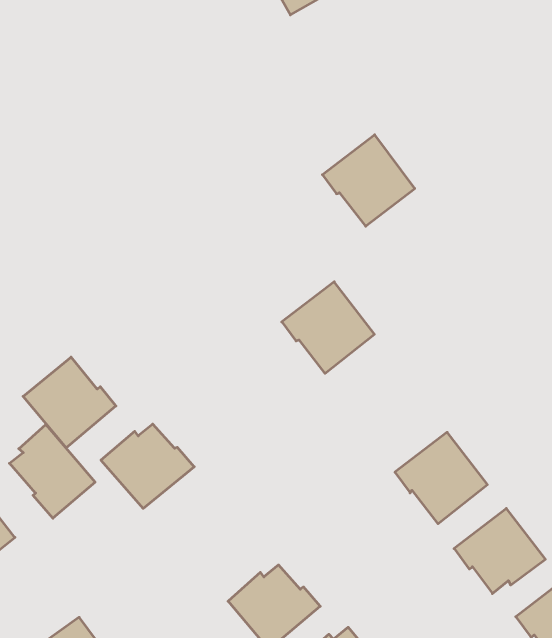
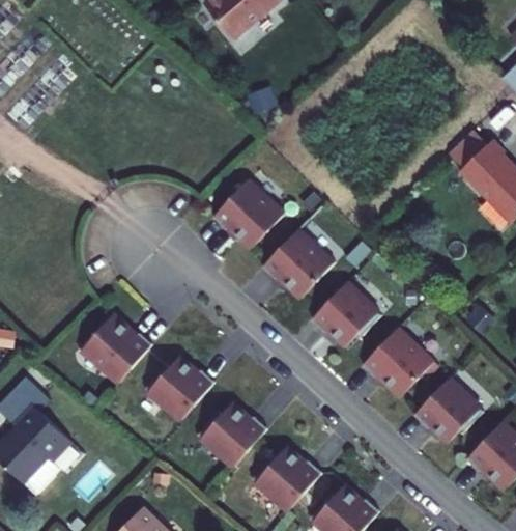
building: [322,135,415,226] -> [214,179,284,248]
building: none -> [311,284,379,348]
building: [9,425,95,518] -> none
building: none -> [198,401,266,466]

